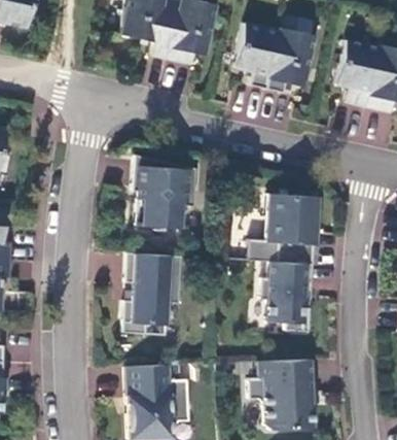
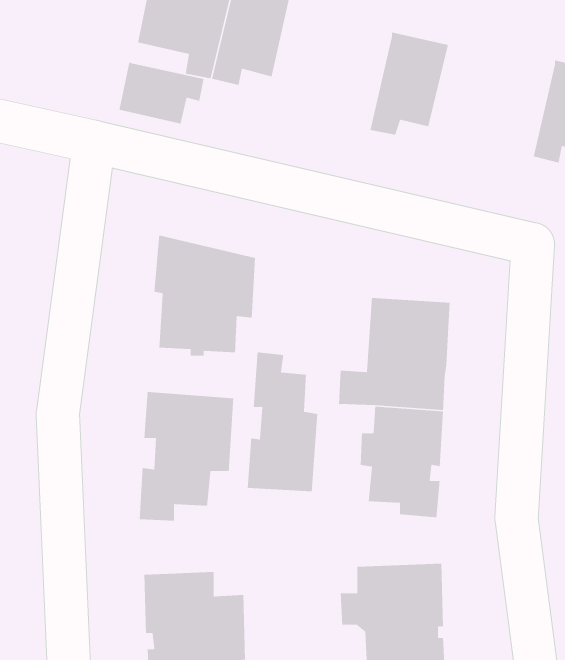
building: [236,24,281,90] -> none
building: [337,40,383,106] -> none
building: none -> [118,61,204,124]
building: none -> [247,352,318,492]

